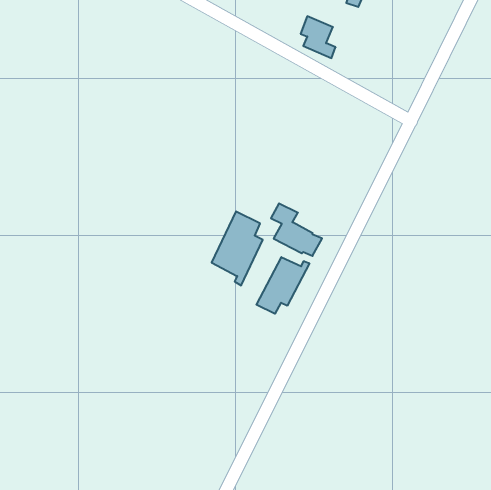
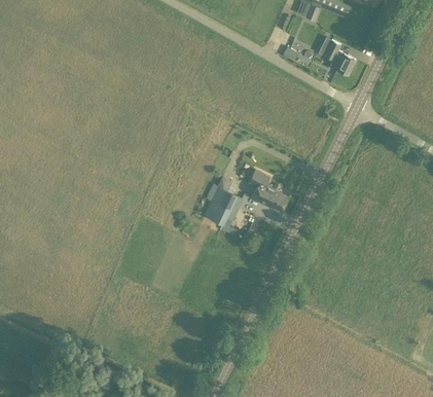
building: none -> [317,36,354,73]
building: [256,257,309,314] -> none

